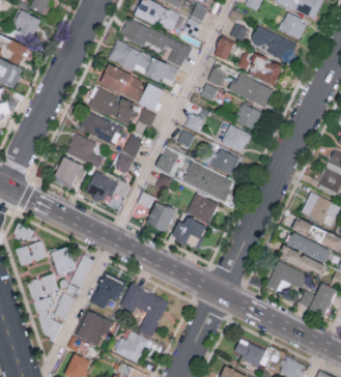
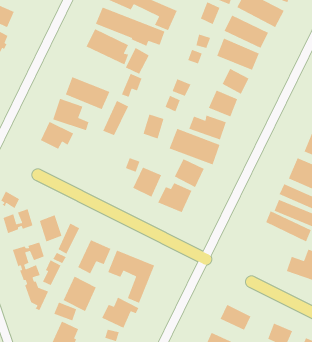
building: [87,86,137,124] -> none
building: [84,171,130,209] -> none
building: [266,261,308,292] -> none

